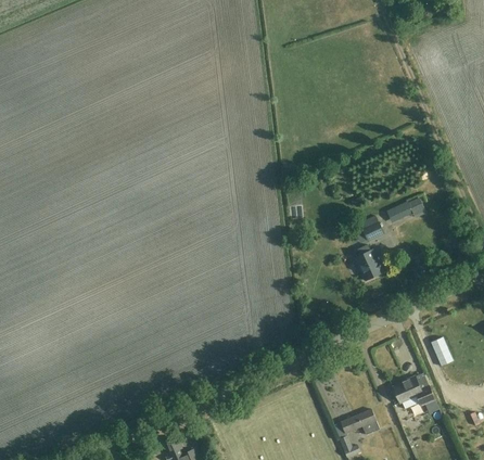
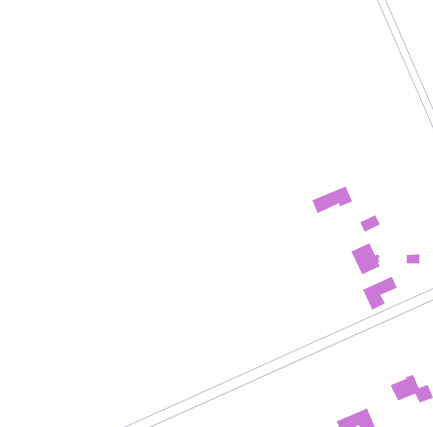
building: [384,192,424,219] -> [311,186,353,214]
building: none -> [362,276,398,311]

